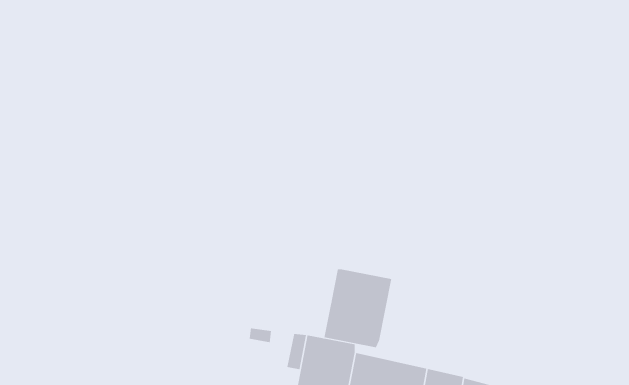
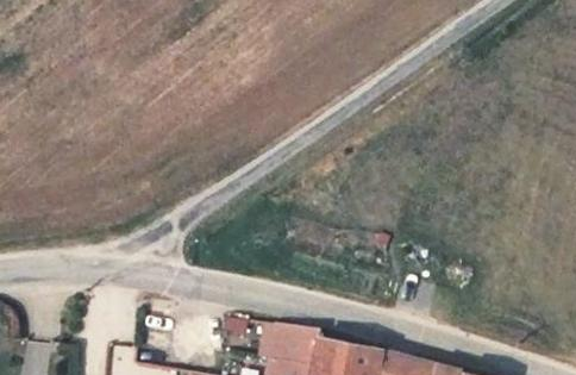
building: [324,269,392,348] -> none

